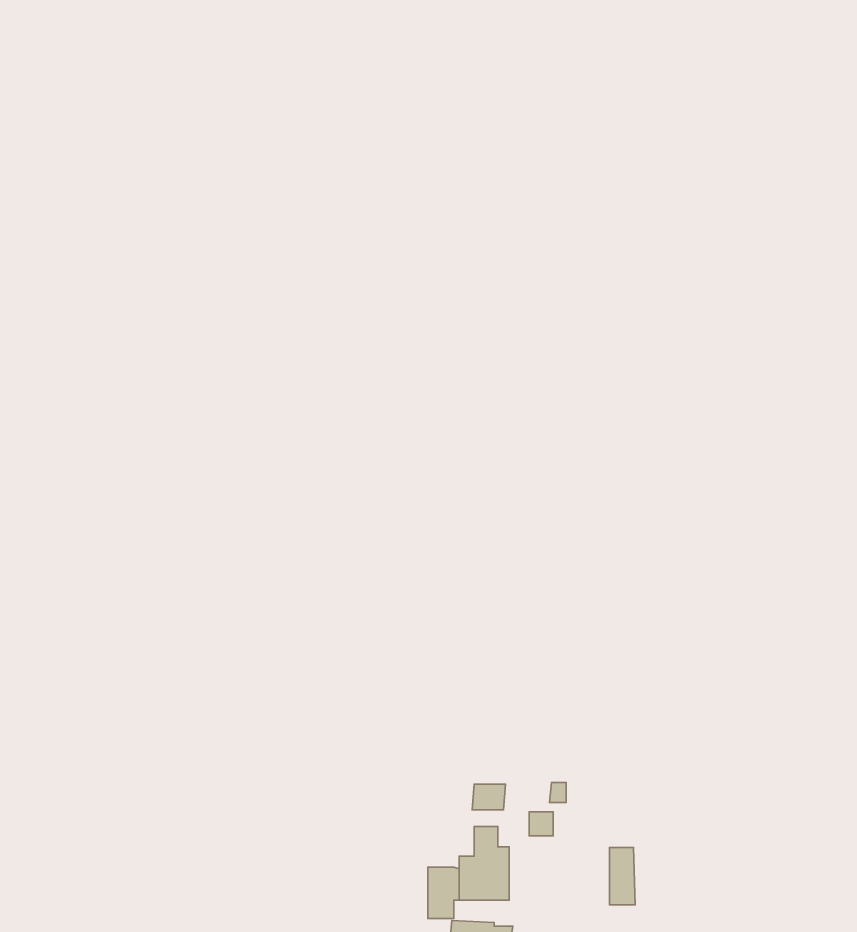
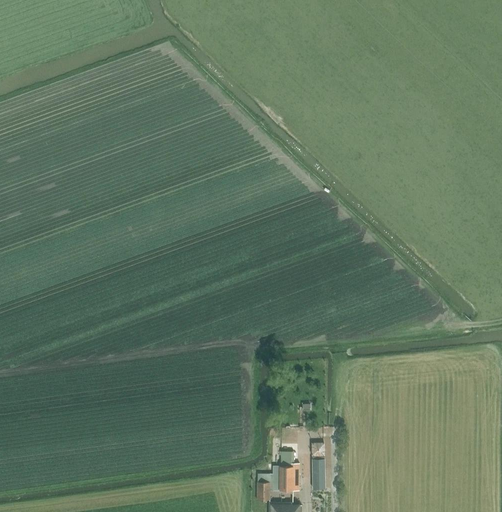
building: [609,848,635,905] -> [312,459,326,490]

